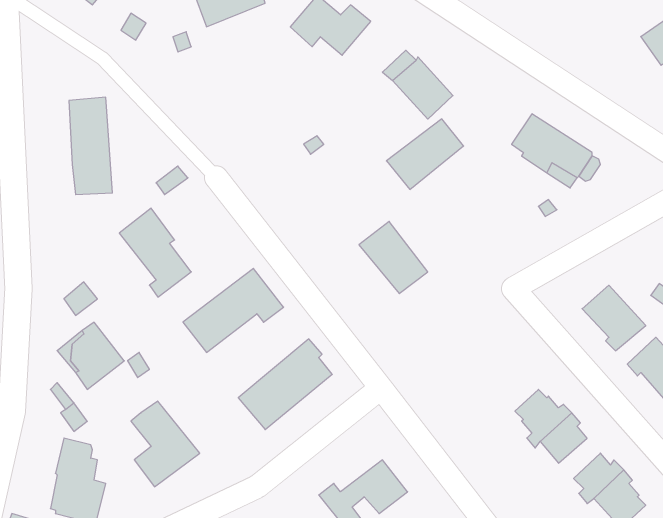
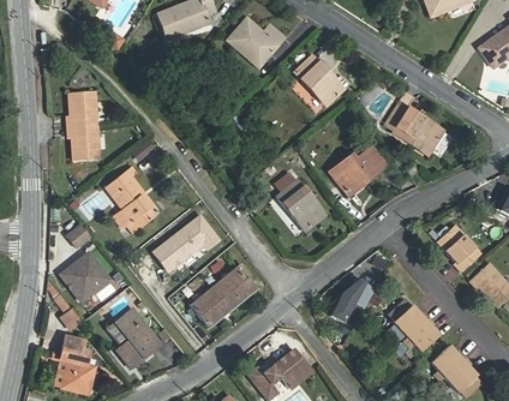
building: [386,119,464,189] -> [331,145,387,196]
building: none -> [329,279,363,327]

